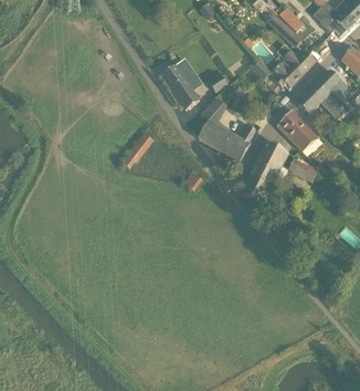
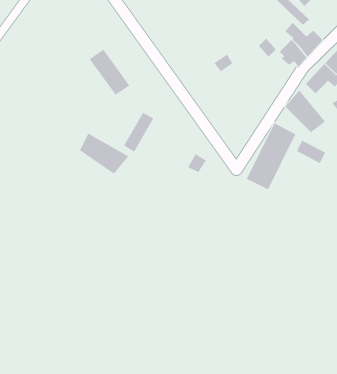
building: [160,64,200,109] -> [89,49,130,96]
building: [192,97,258,161] -> none
building: none -> [79,133,129,174]

